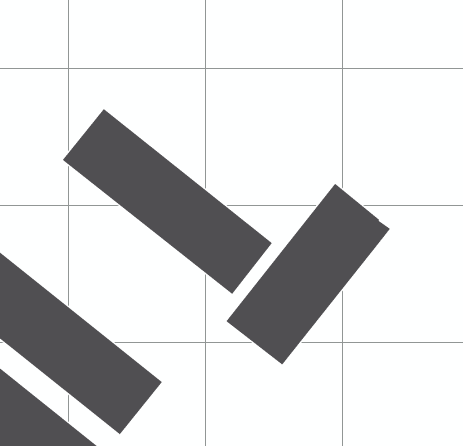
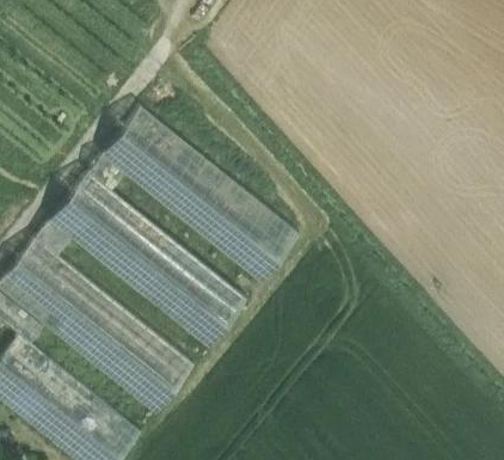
building: none -> [48,172,246,349]
building: [225,183,391,366] -> none

